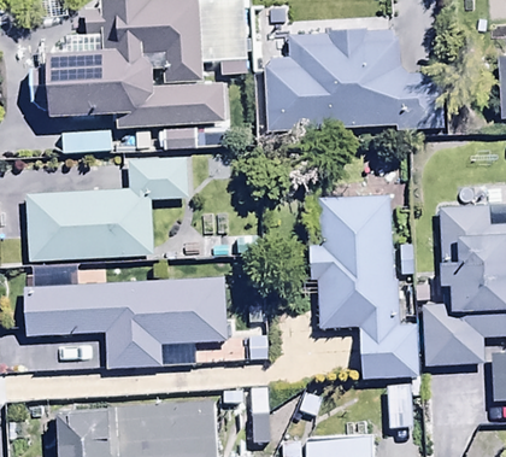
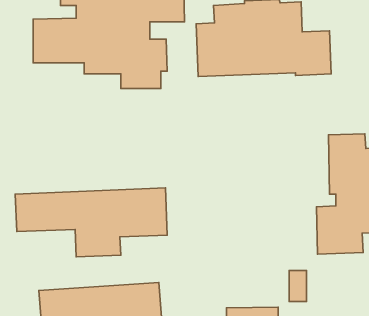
building: [28,156,189,259] -> none
building: [308,195,419,379] -> none

